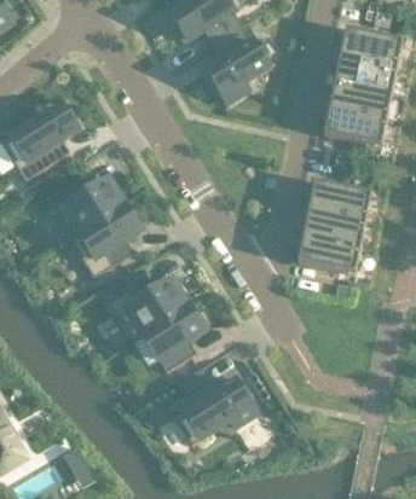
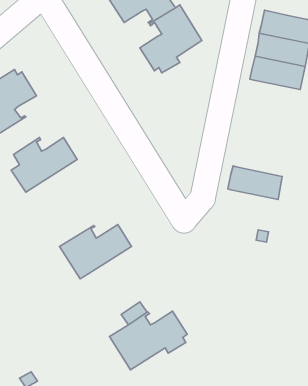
building: [323,109,386,147] -> none
building: [308,182,371,221] -> none
building: [69,202,144,278] -> none
building: [296,236,360,274] -> none
building: [141,302,208,372] -> none

